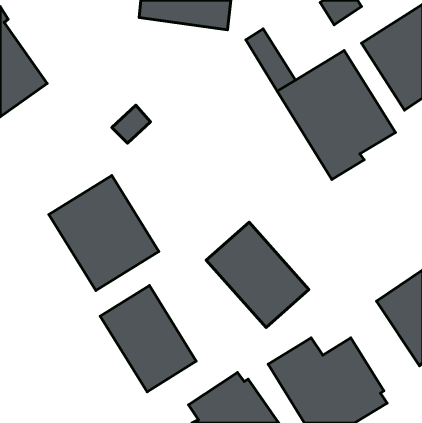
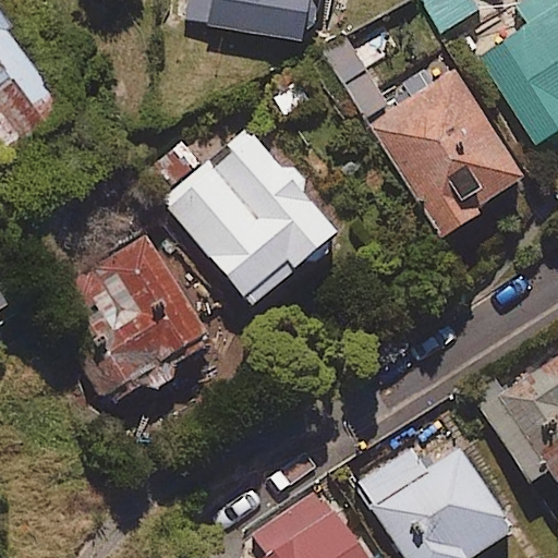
building: none -> [165,132,337,304]
building: [206,222,309,328] -> none
building: [100,286,196,392] -> none

